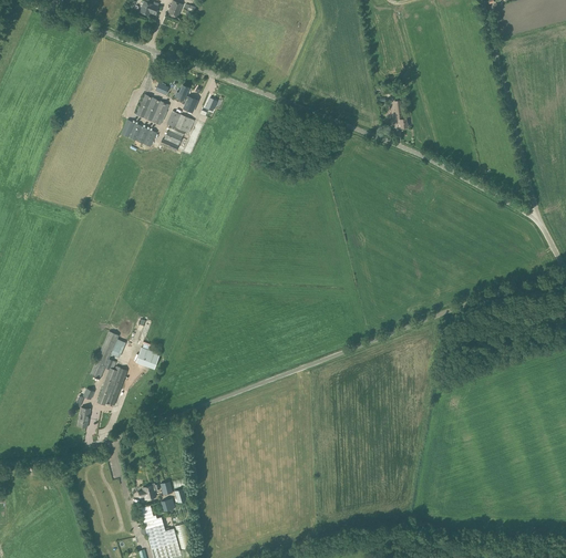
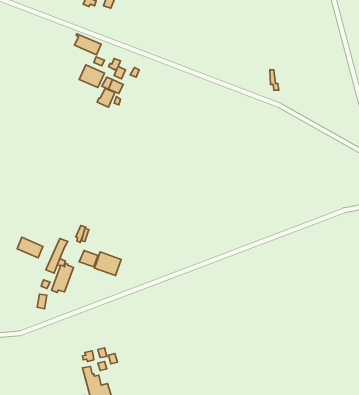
building: [121,118,157,147] -> [74,34,101,55]
building: none -> [17,237,43,258]
building: none -> [94,252,121,276]

